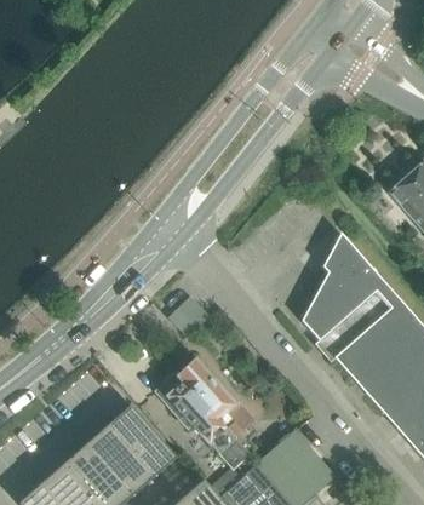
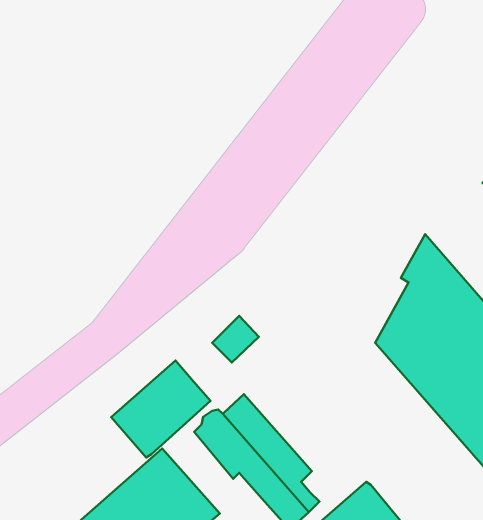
building: none -> [111,361,211,457]

